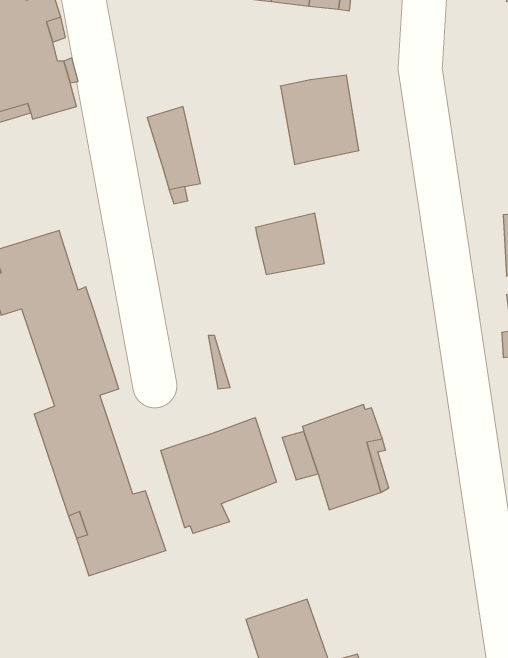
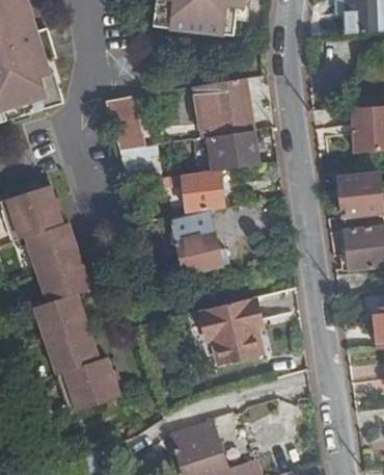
building: none -> [213,129,258,169]
building: none -> [168,219,220,276]
building: [161,418,277,533] -> none

